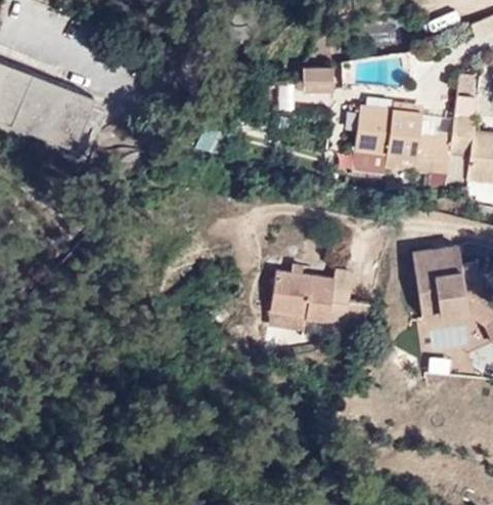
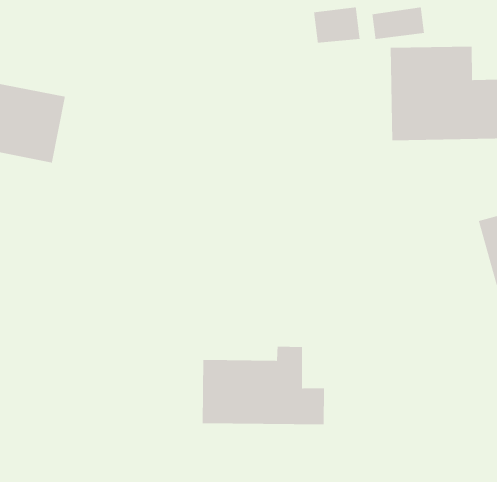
building: none -> [372,7,425,40]
building: [269,265,370,333] -> [202,346,325,425]

